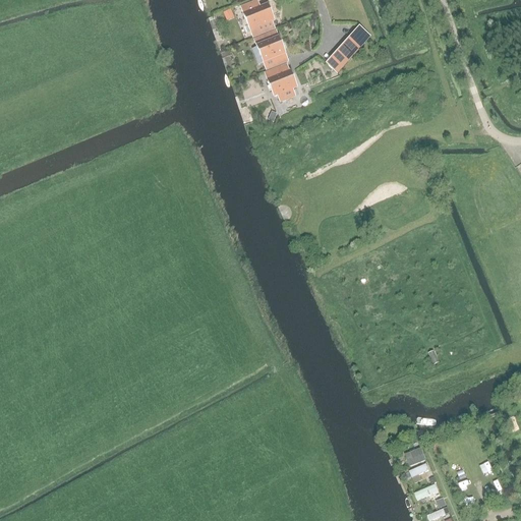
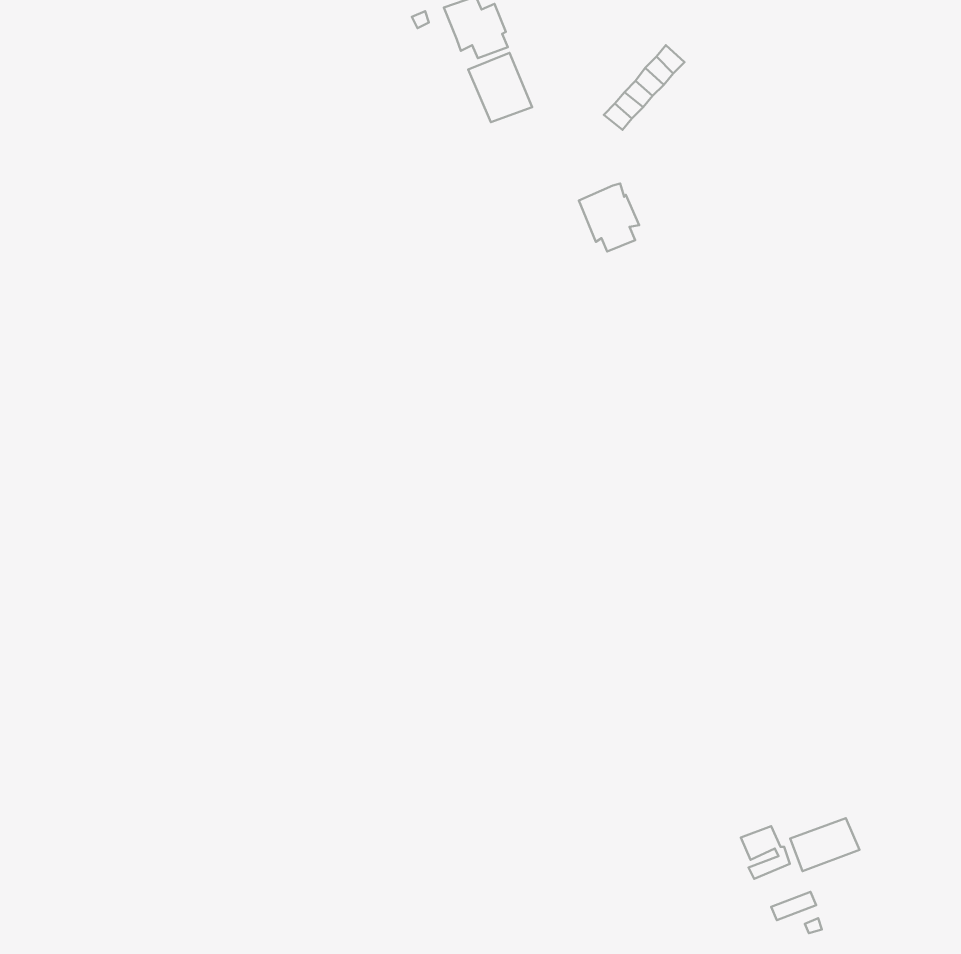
building: [265,62,297,99] -> [579,184,639,251]
building: none -> [790,818,860,871]

